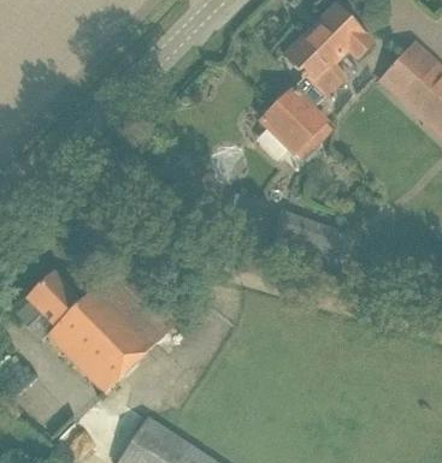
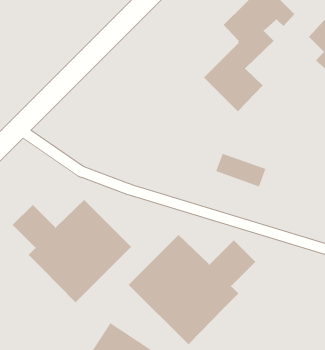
building: none -> [128,234,256,345]

